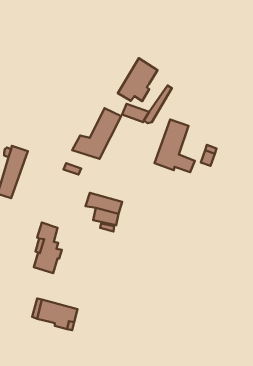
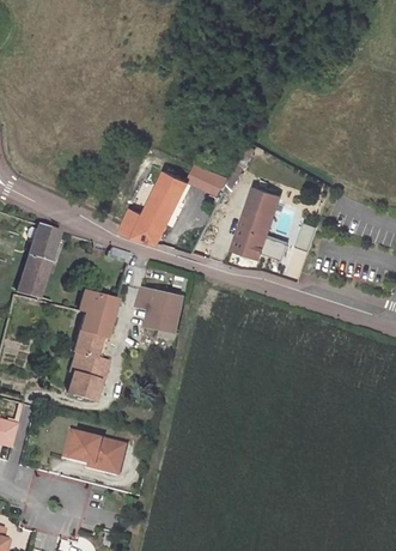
building: [118,58,157,101] -> none
building: none -> [75,290,115,335]

